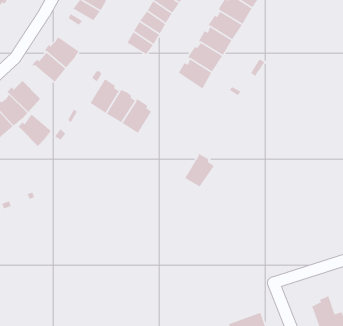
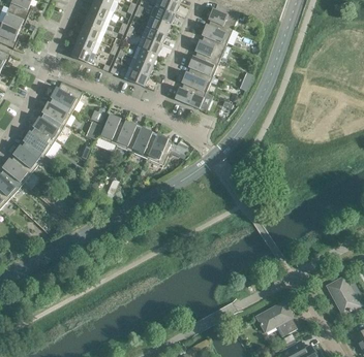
building: [17,114,52,147] -> [32,111,64,140]
building: [184,153,215,187] -> [147,133,173,164]

